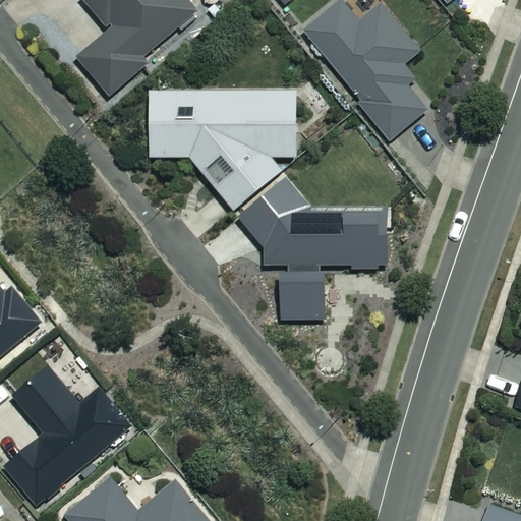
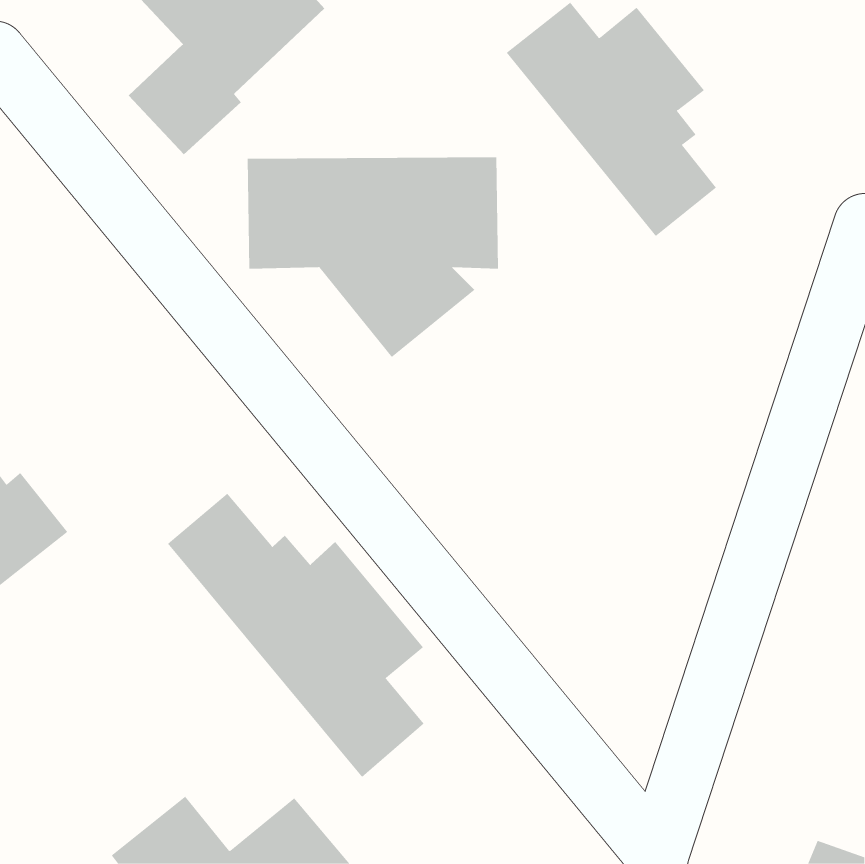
building: [238,179,390,322] -> none
building: none -> [167,493,424,778]
building: [4,362,128,502] -> none

